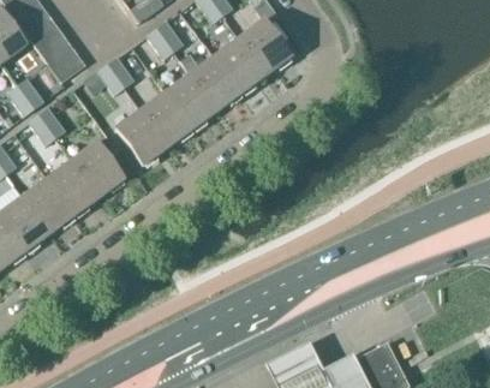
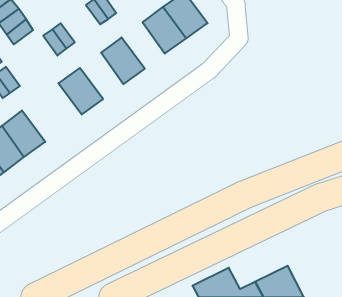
building: [189,55,240,111] -> none
building: [139,91,191,147] -> none
building: [71,142,124,197] -> none

